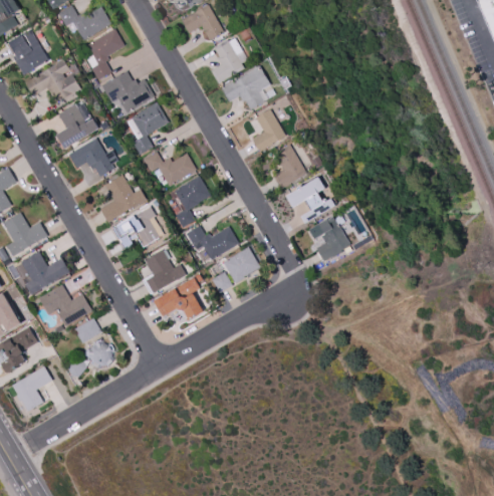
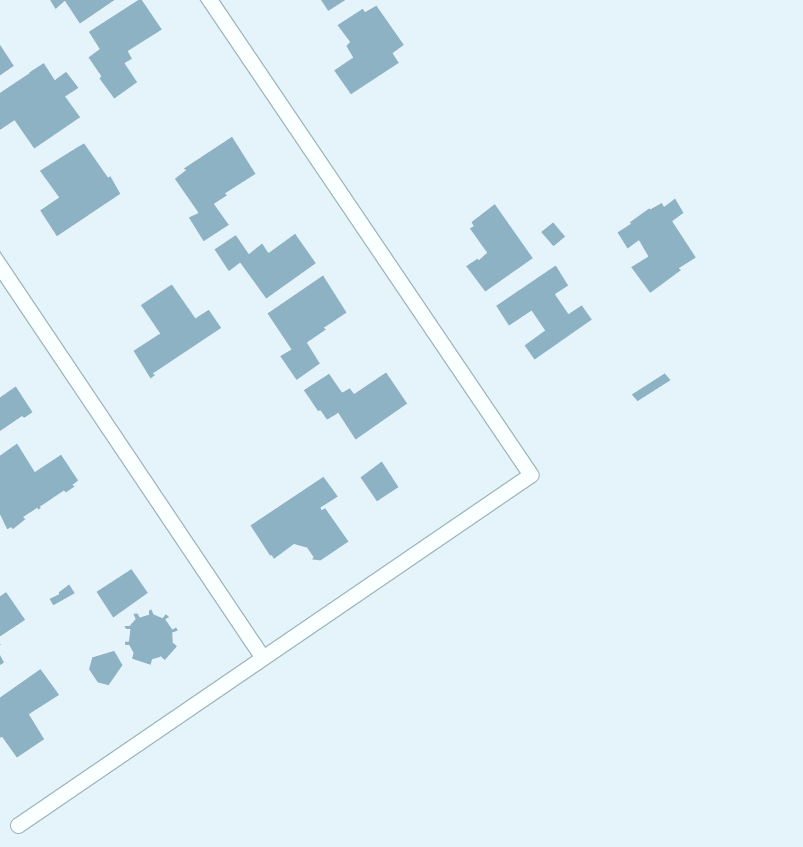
building: [221,65,270,109] -> none
building: [100,70,154,112] -> none
building: [251,108,285,152] -> none
building: [68,138,118,177] -> none
building: [111,206,163,249] -> none
building: [309,214,349,262] -> [616,197,697,294]
building: [222,246,260,283] -> none
building: [144,249,186,293] -> none
building: [38,284,91,325] -> none

